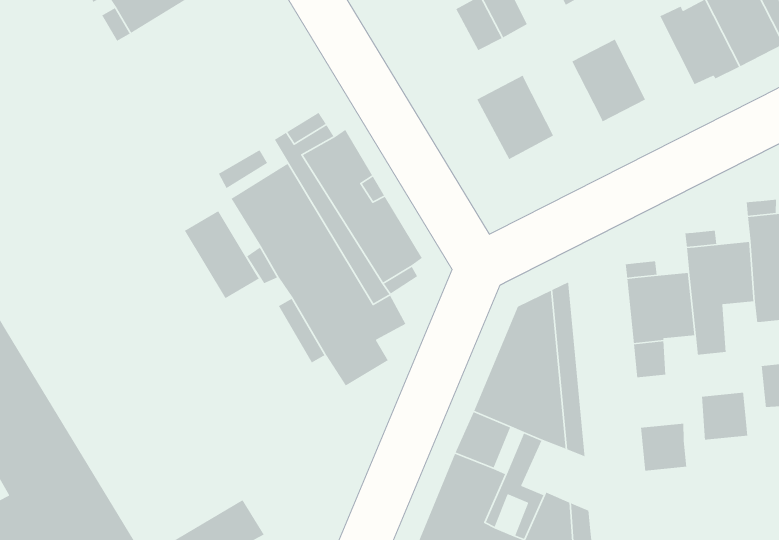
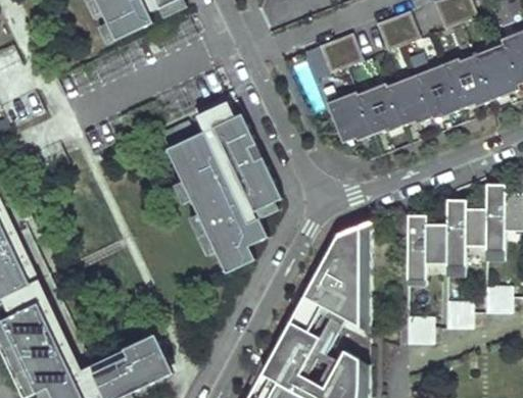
building: none -> [415,63,461,119]
building: none -> [356,83,400,134]
building: [184,210,260,299] -> none

